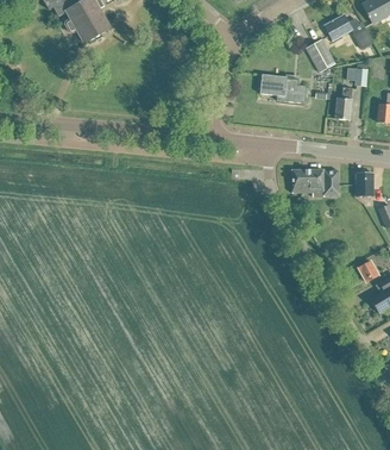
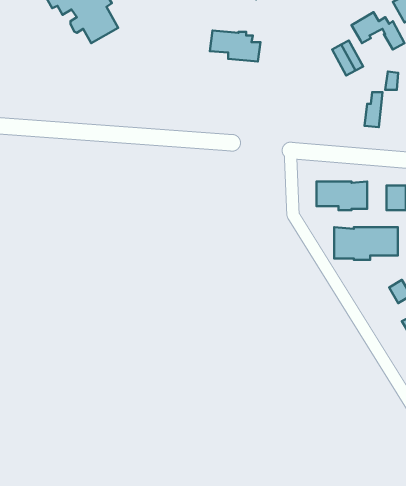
building: [259,74,306,102] -> [210,30,260,61]
building: none -> [334,227,398,260]

